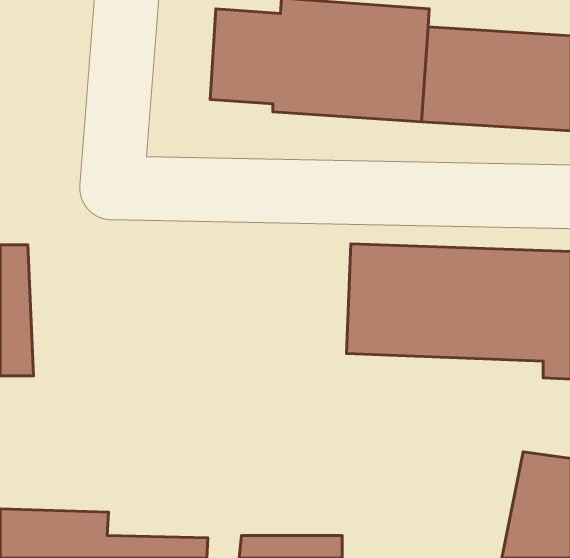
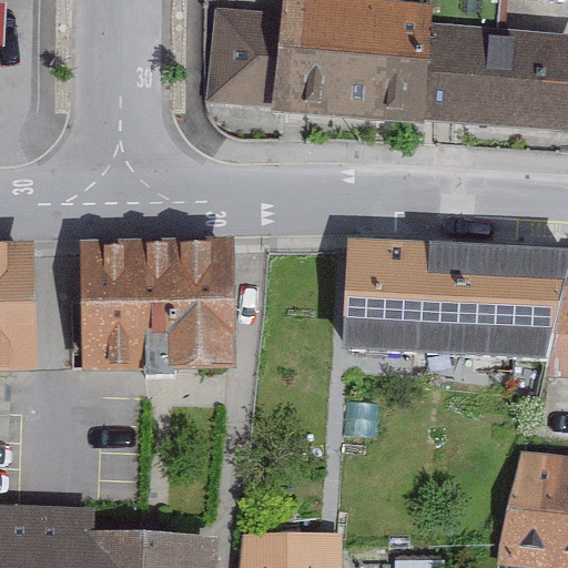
building: none -> [79,241,229,366]

